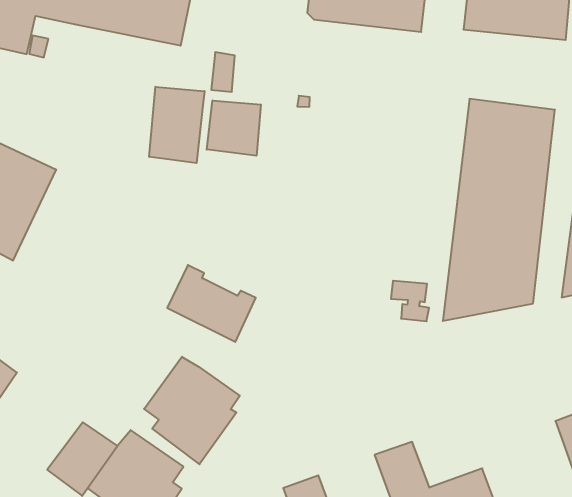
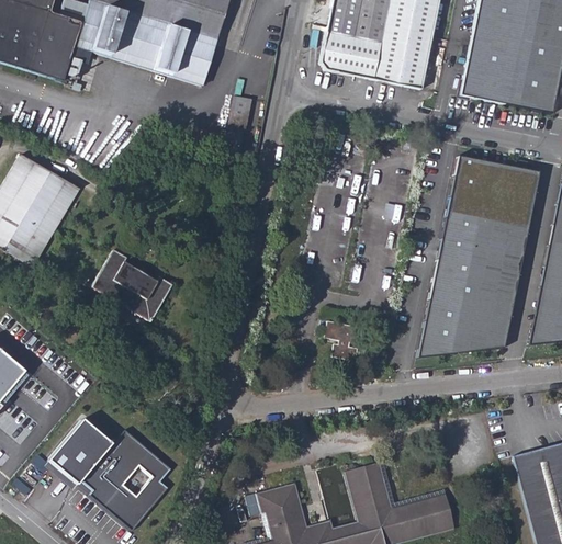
building: [149,87,205,163] -> none
building: [207,100,261,156] -> none
building: [167,265,256,342] -> [90,248,171,321]
building: [391,281,429,321] -> [325,321,359,361]
building: [144,357,240,464] -> none

